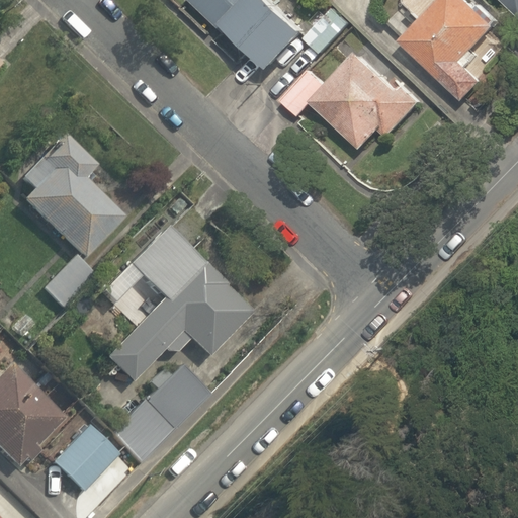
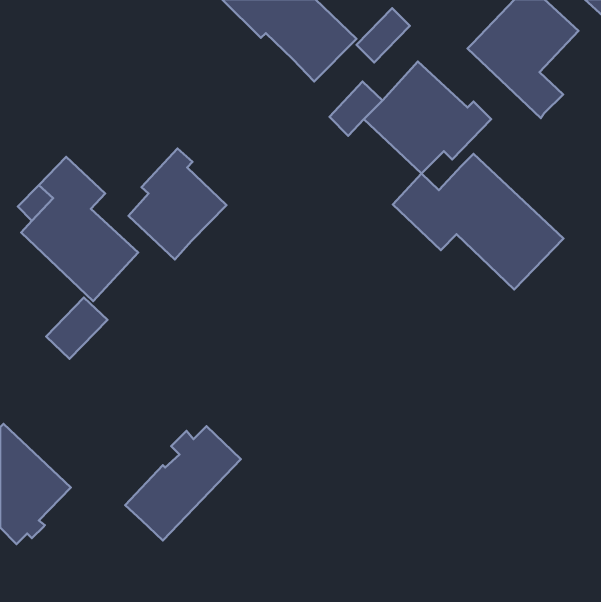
building: none -> [128,148,226,260]
building: none -> [393,154,564,289]
building: [104,229,249,382] -> none
building: [52,425,117,492] -> none

